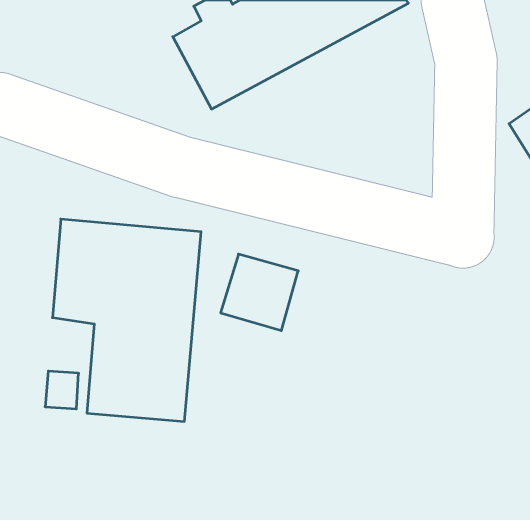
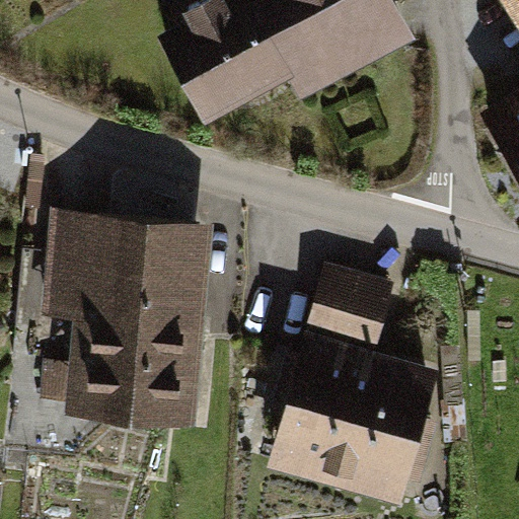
building: [221,254,298,331] -> [316,284,391,358]
building: none -> [285,357,434,491]

